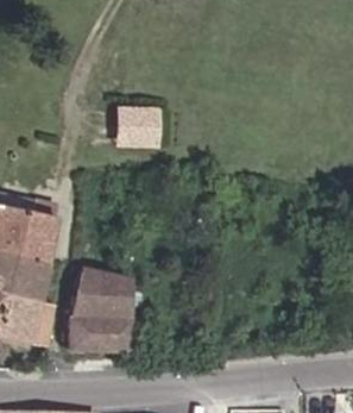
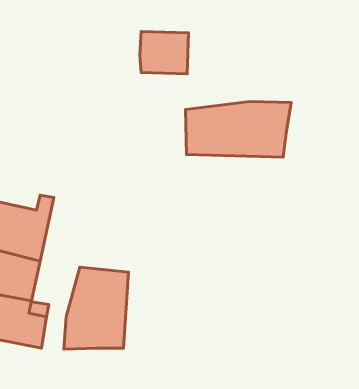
building: [118,106,164,146] -> [140,32,188,74]
building: none -> [185,102,291,157]

